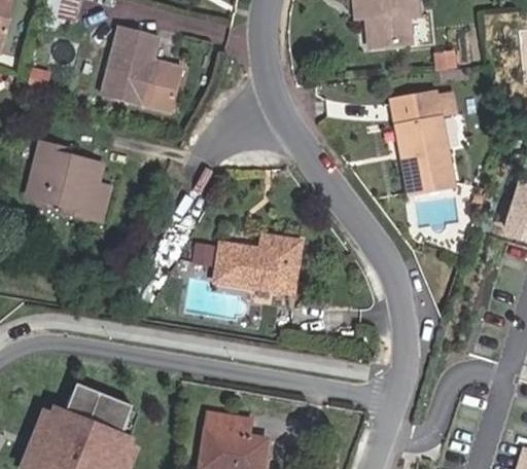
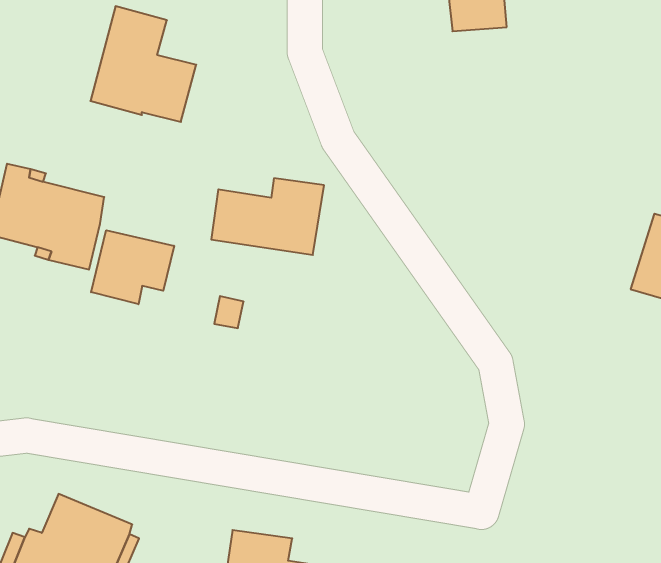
building: [392,93,453,193] -> none
building: none -> [91,230,174,304]
building: [216,236,300,292] -> [211,178,324,255]

